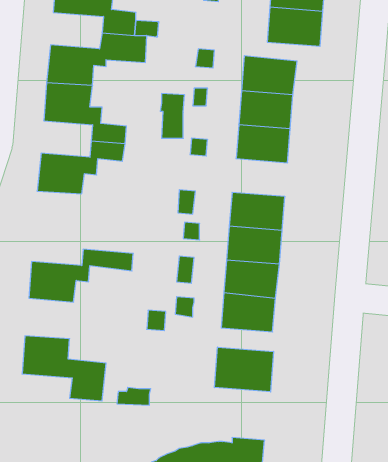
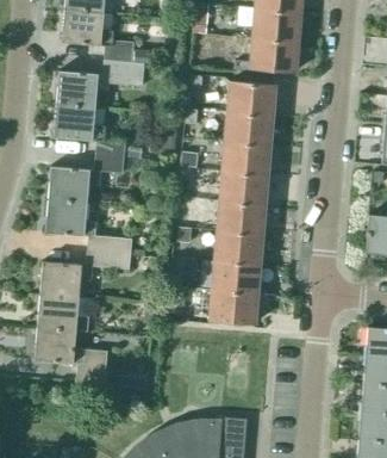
building: none -> [219,171,268,204]
building: none -> [45,199,132,254]
building: none -> [37,293,89,330]
building: [214,347,274,392] -> none

